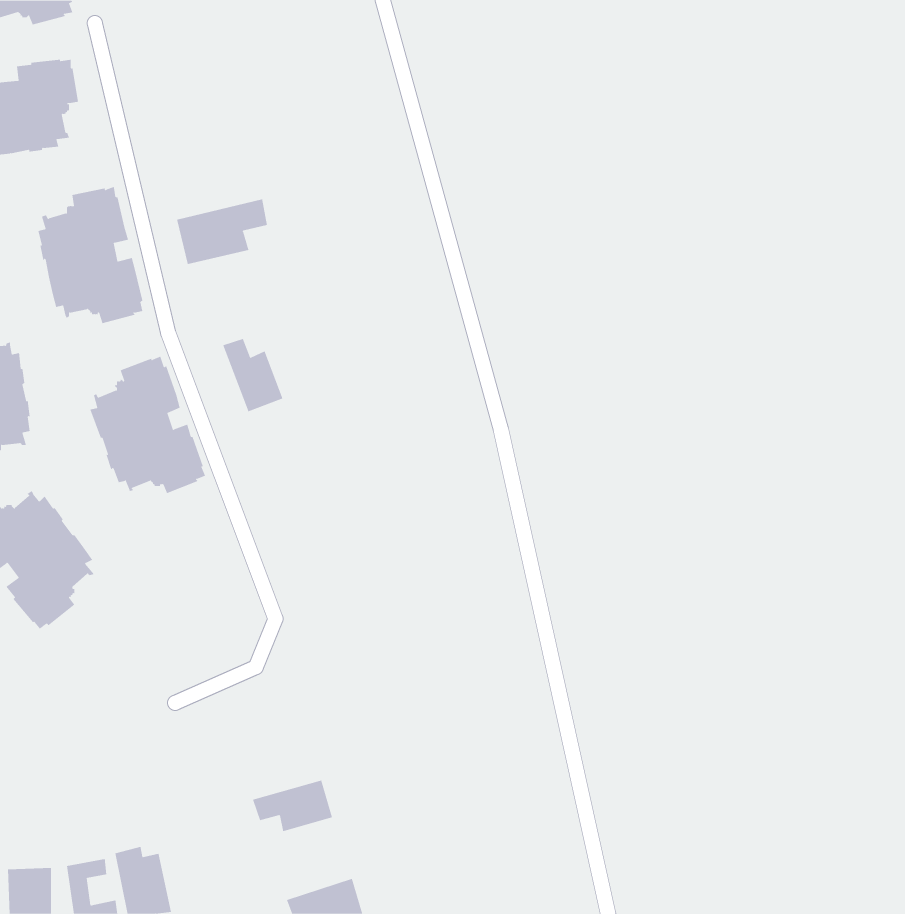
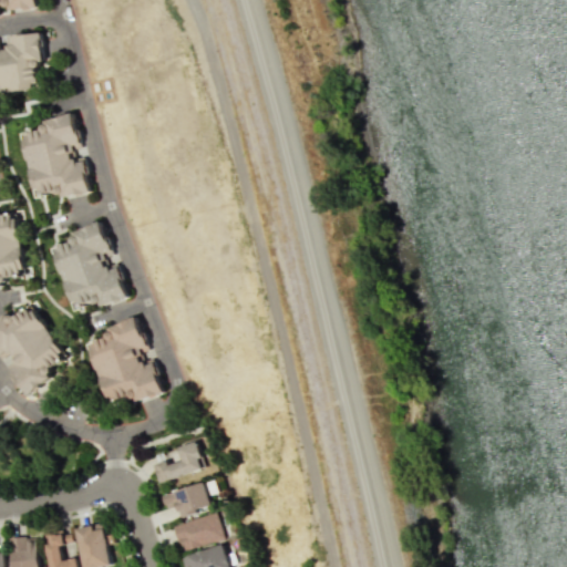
building: [177,198,268,265] -> none
building: [223,338,283,412] -> none
building: none -> [93,319,164,403]
building: none -> [147,441,200,482]
building: none -> [169,513,219,551]

